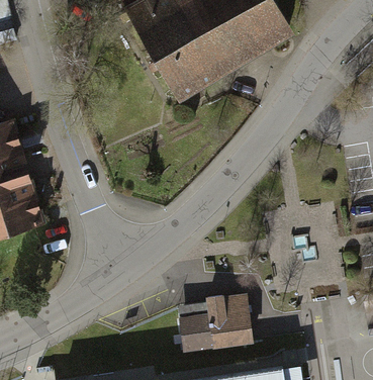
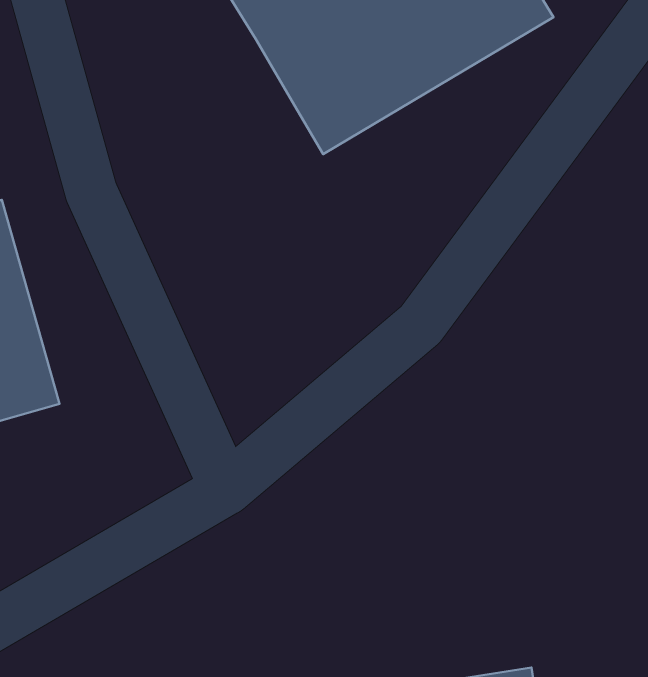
building: [178,301,251,352] -> none

